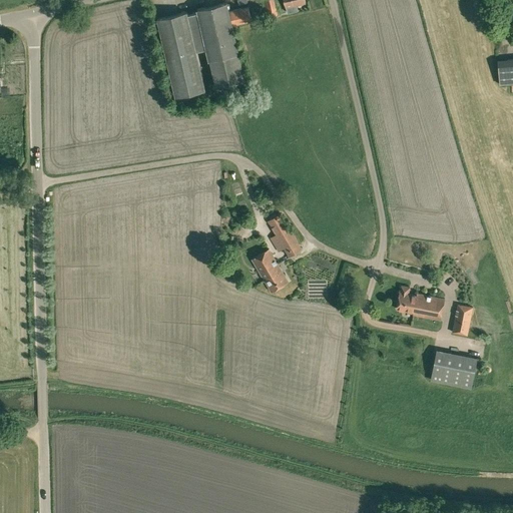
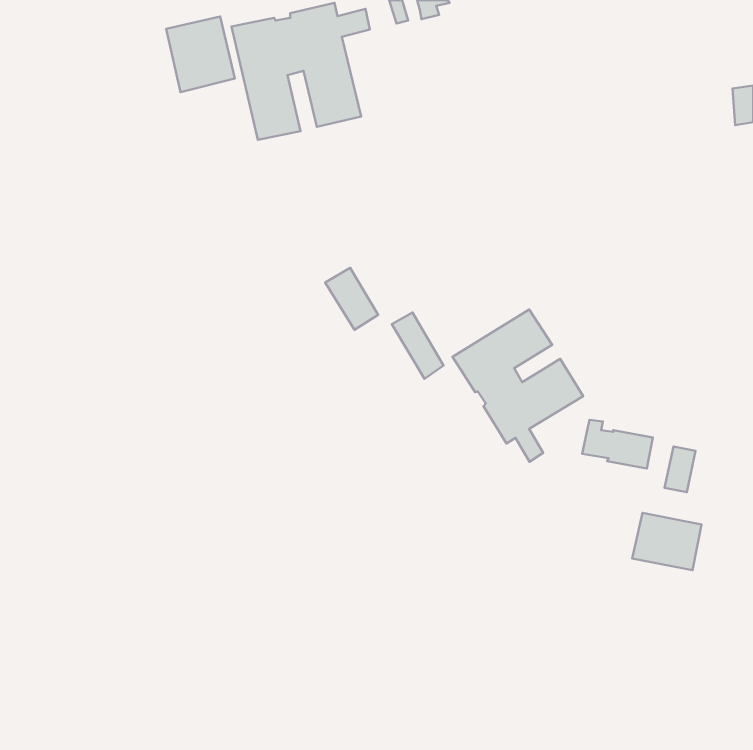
building: none -> [166,16,235,92]
building: none -> [452,309,583,462]
building: [251,250,288,293] -> [325,268,378,330]

